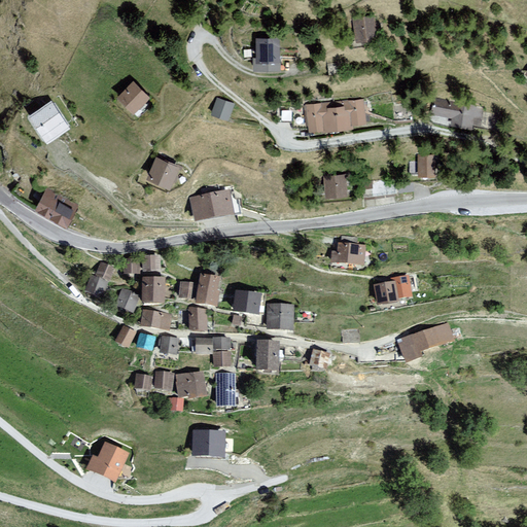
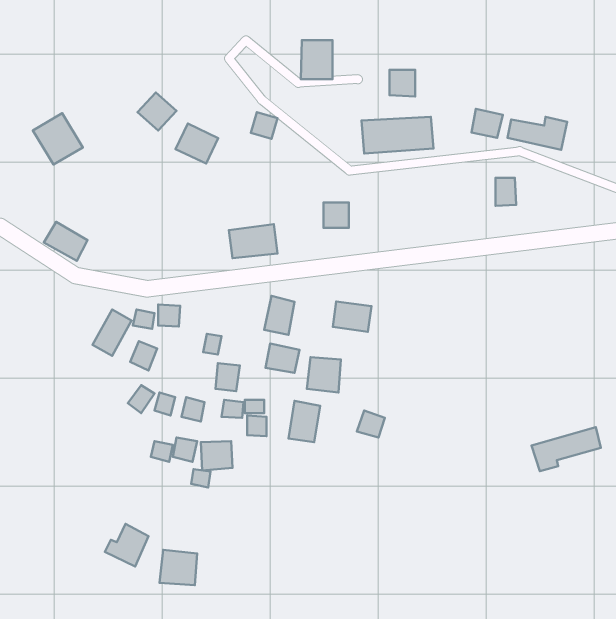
building: [353,15,375,38] -> [390,70,415,96]
building: none -> [472,109,503,138]
building: [149,151,185,185] -> [176,123,218,164]
building: [322,174,344,196] -> [323,202,349,228]
building: [332,242,365,268] -> [333,301,372,332]
building: [191,274,217,307] -> [264,296,295,335]
building: [372,276,410,307] -> none
building: [140,278,164,303] -> none
building: [141,309,172,329] -> none
building: [393,323,452,360] -> [531,427,601,471]
building: [213,372,237,407] -> none
building: [188,428,220,458] -> [160,550,197,585]

